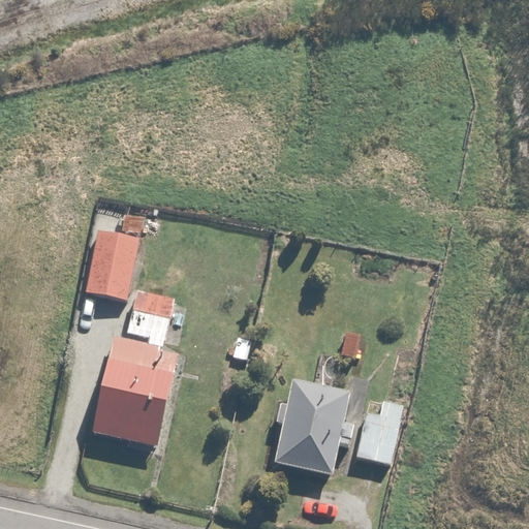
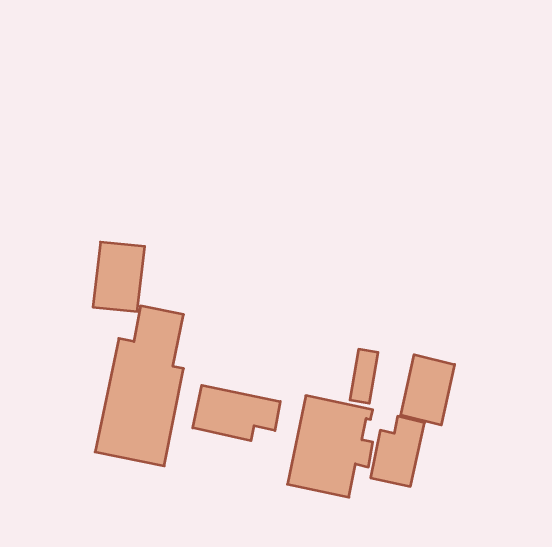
building: none -> [401,355,455,425]
building: none -> [193,385,280,441]

